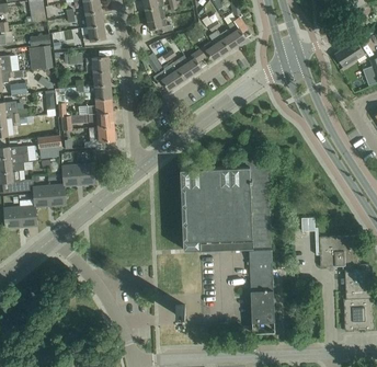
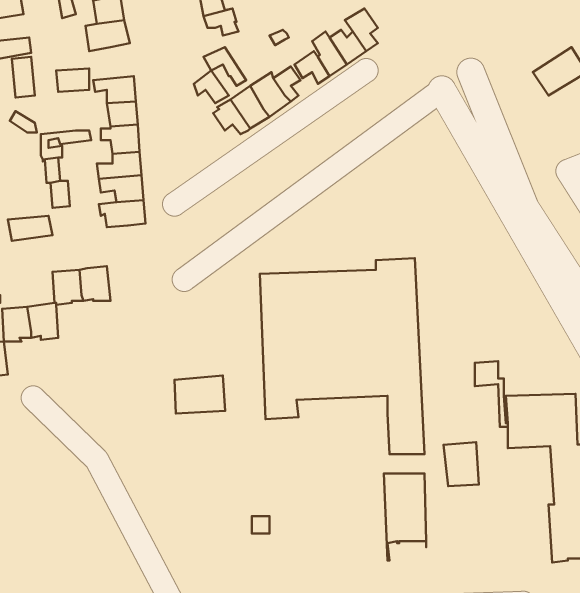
building: none -> [174,376,225,413]
building: none -> [444,442,479,486]

